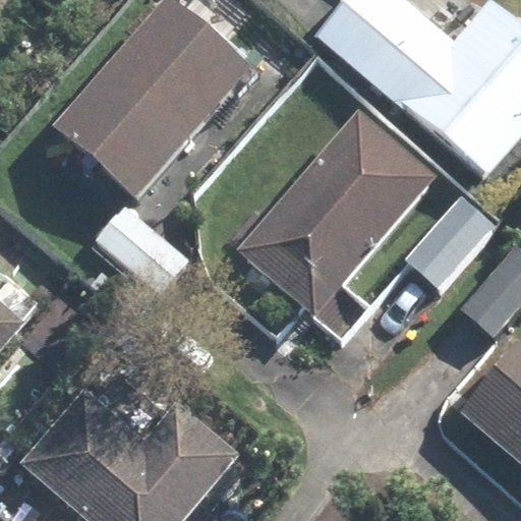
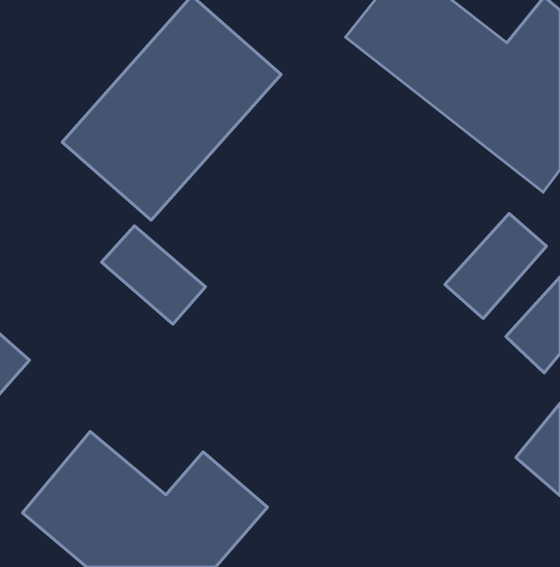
building: [241,112,438,314] -> none

